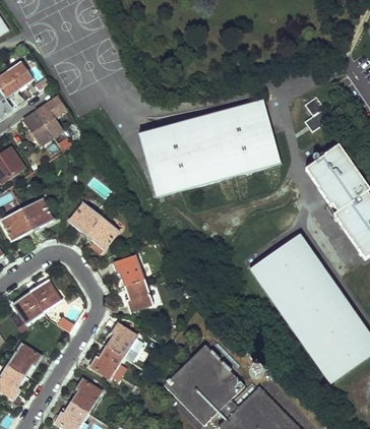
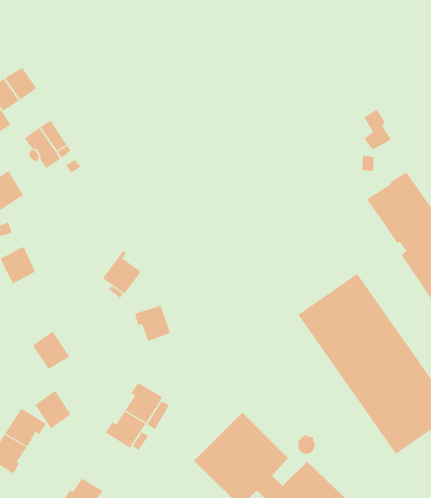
building: [140,101,282,197] -> none
building: [22,197,54,230] -> none
building: [69,202,102,235] -> none
building: [125,281,152,311] -> none
building: [12,291,43,323] -> [35,390,71,429]
building: [70,376,103,412] -> none

